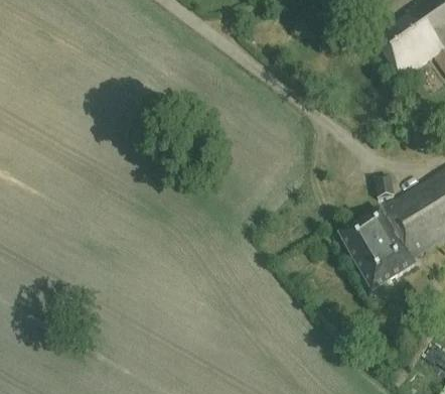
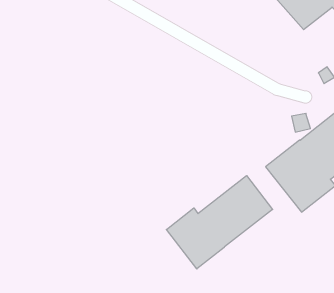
building: none -> [166,176,273,269]

